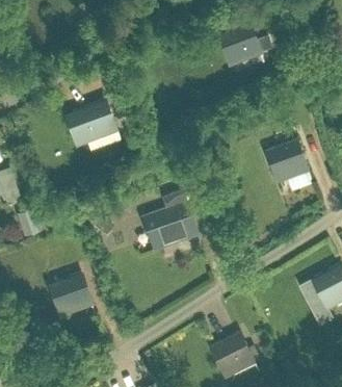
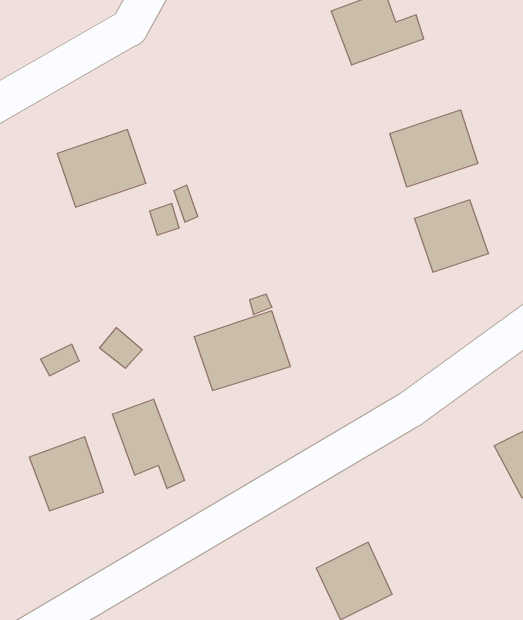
building: none -> [390,110,478,187]
building: none -> [112,399,184,489]

